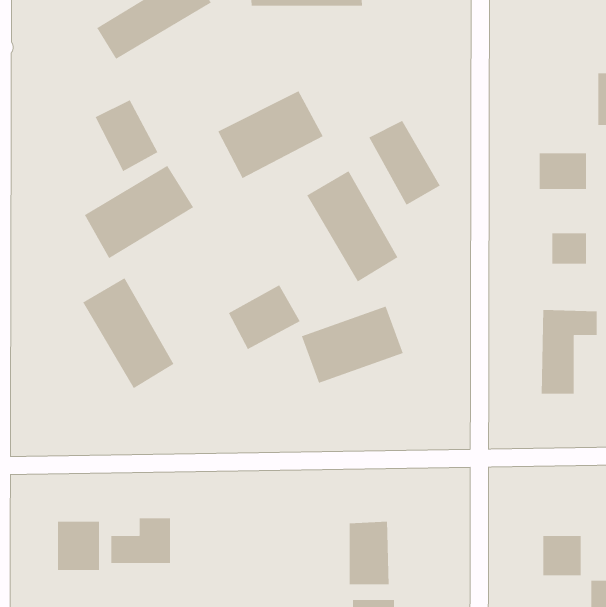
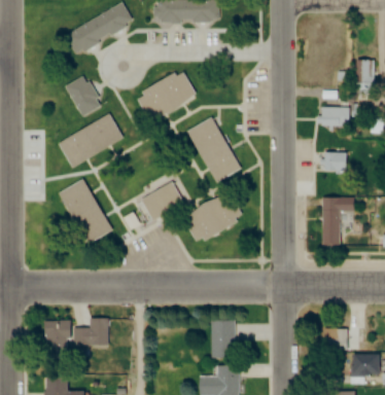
building: [368,120,441,206] -> none

